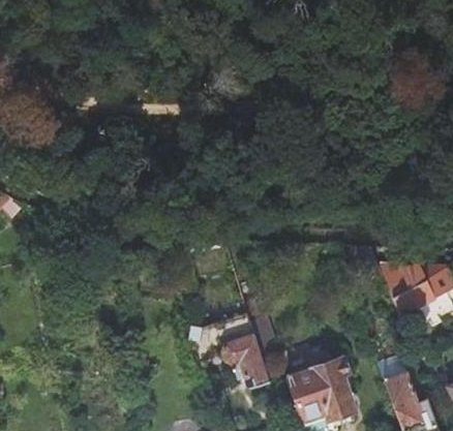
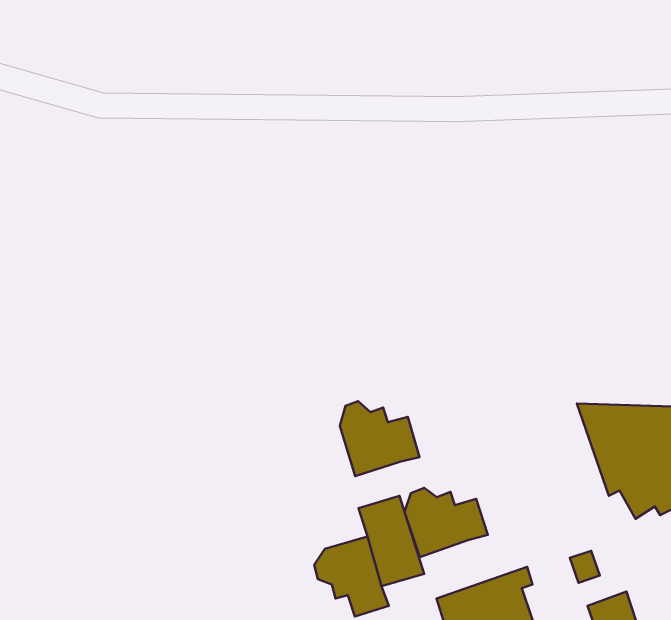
building: none -> [340,401,419,476]
building: none -> [405,488,488,557]

